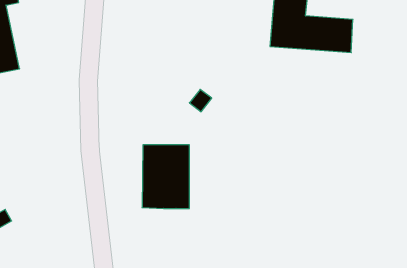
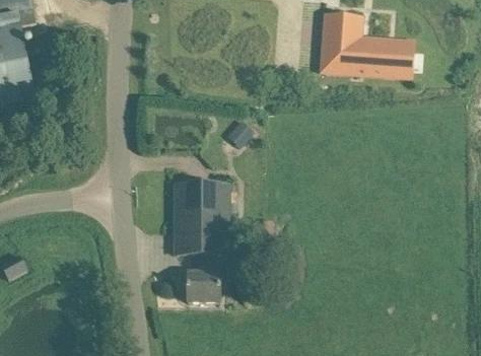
building: none -> [188,254,220,300]

